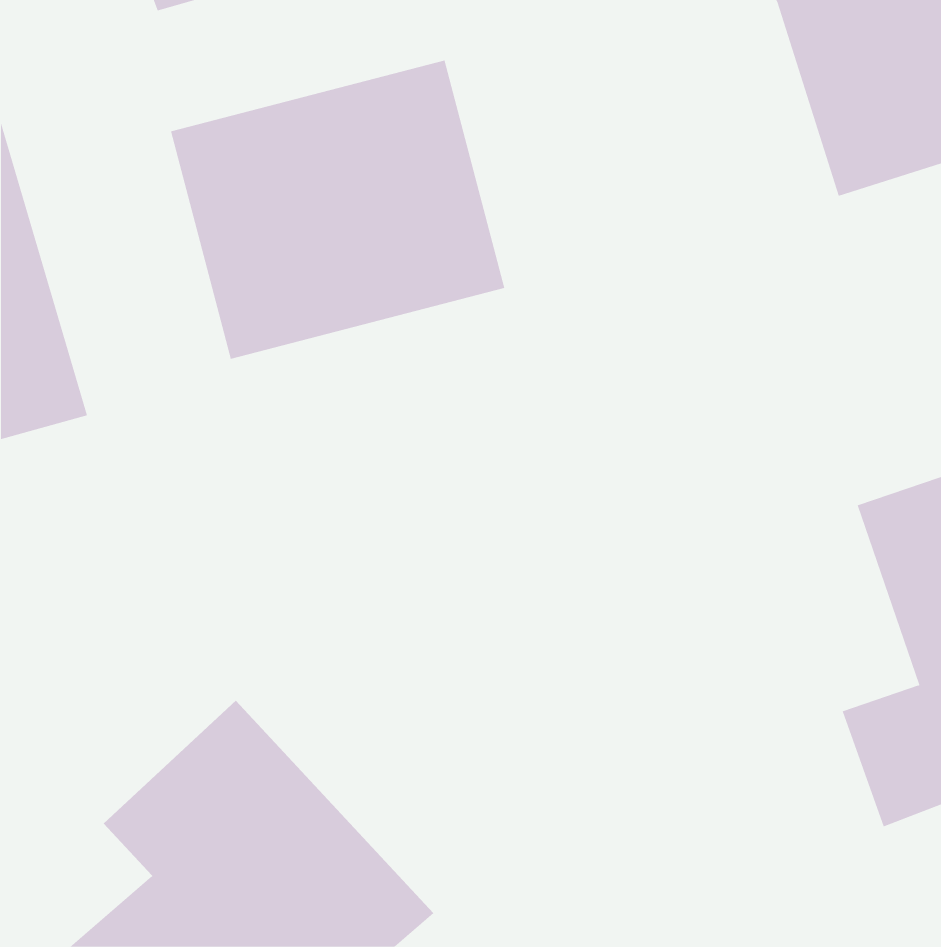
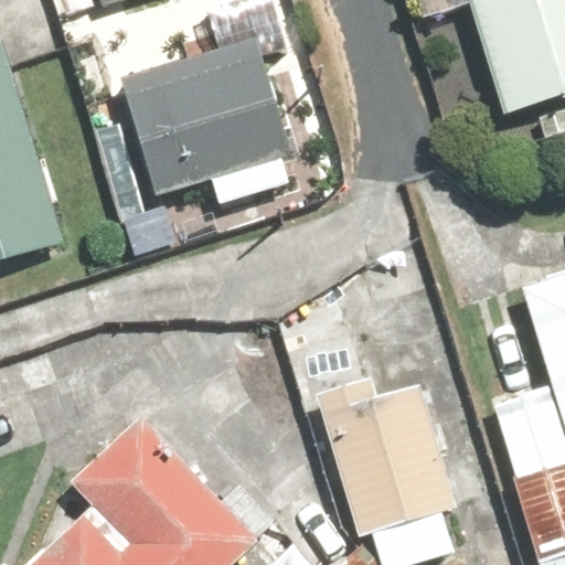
building: none -> [305,365,455,542]

